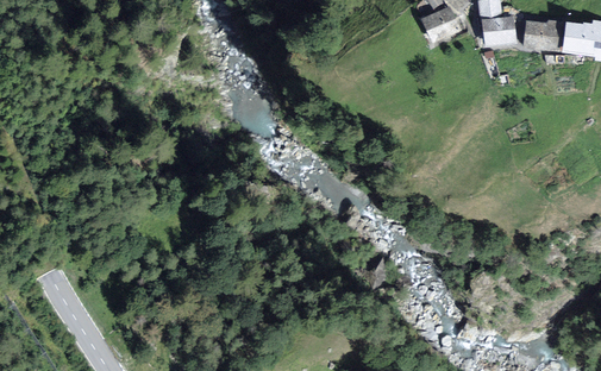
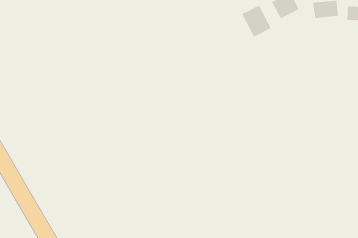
building: none -> [242,5,271,37]

